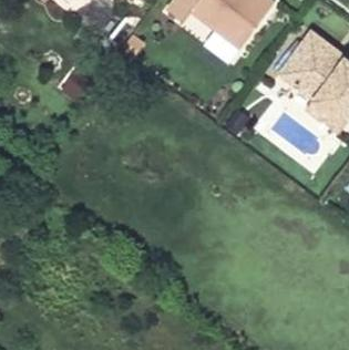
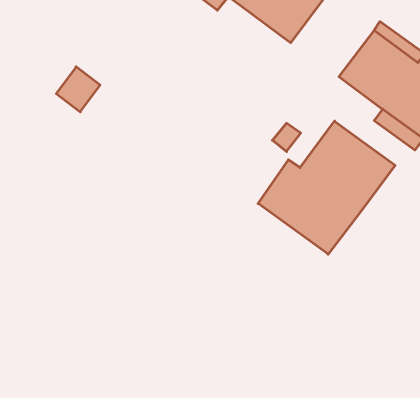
building: none -> [258,121,395,254]

